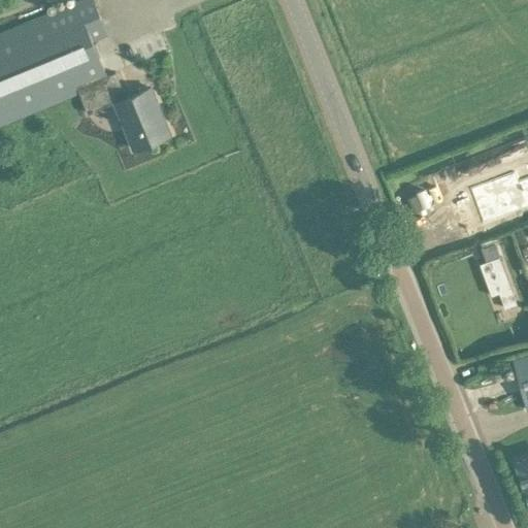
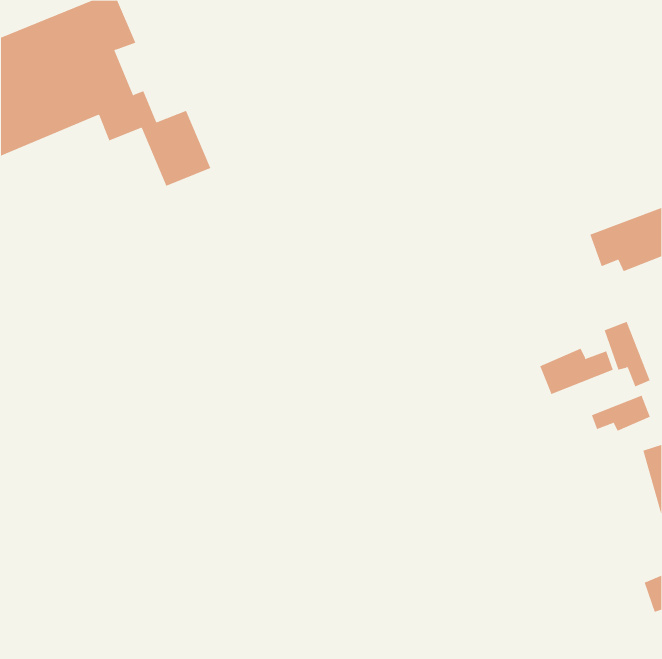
building: none -> [540,348,614,395]
building: none -> [591,395,651,431]

